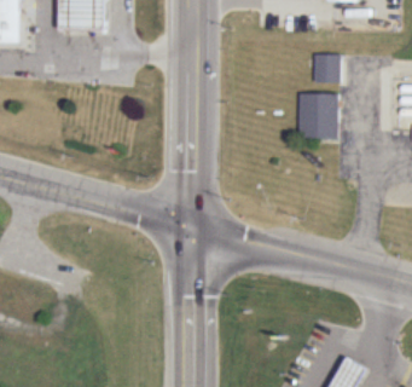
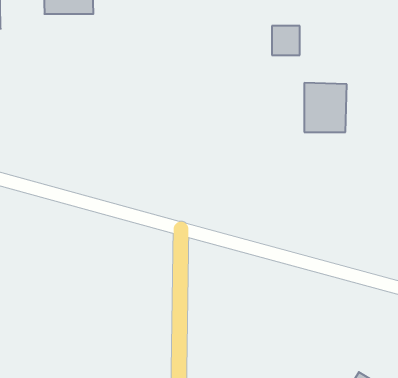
building: [313,56,338,82] -> [272,26,300,55]

